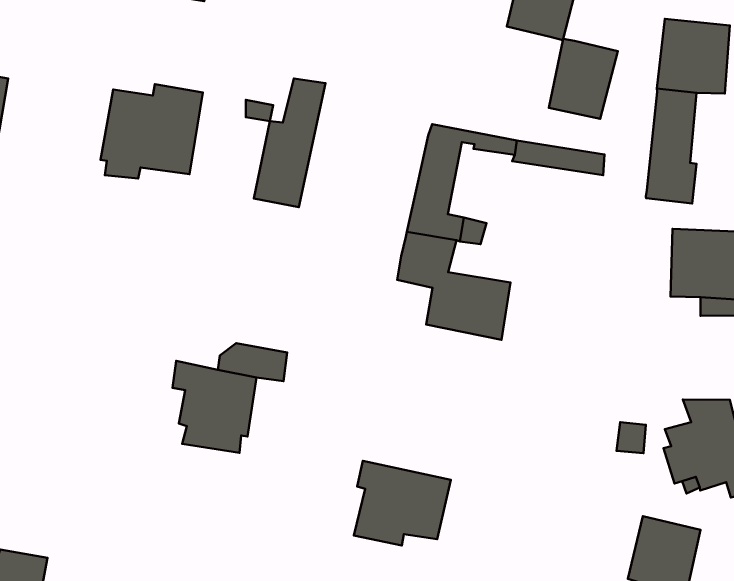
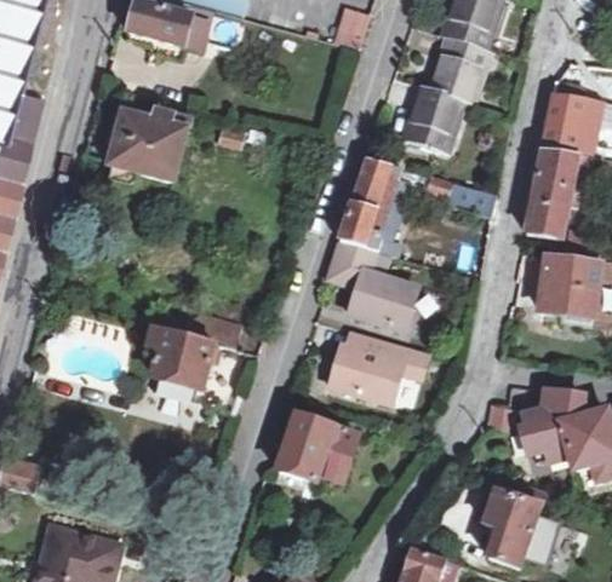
building: [549,39,618,119] -> [406,86,463,150]
building: [254,78,325,207] -> none
building: none -> [330,329,427,402]

